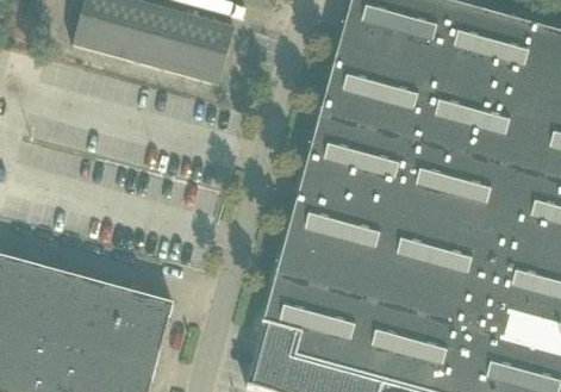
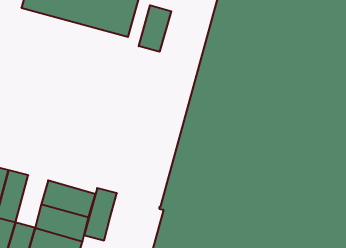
building: none -> [139,5,171,52]
building: [63,275,108,348] -> [84,188,117,240]

